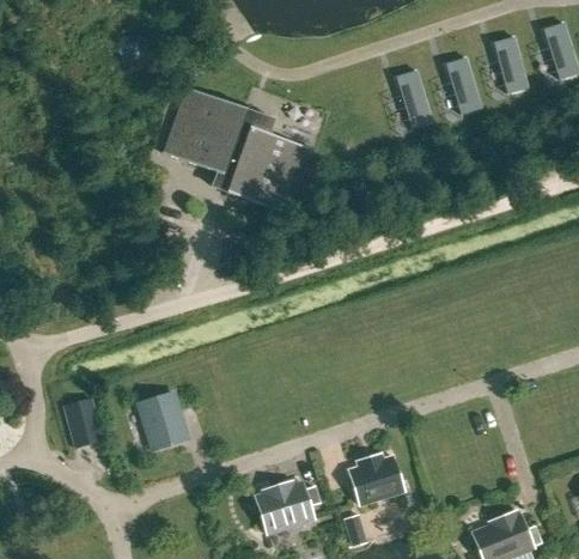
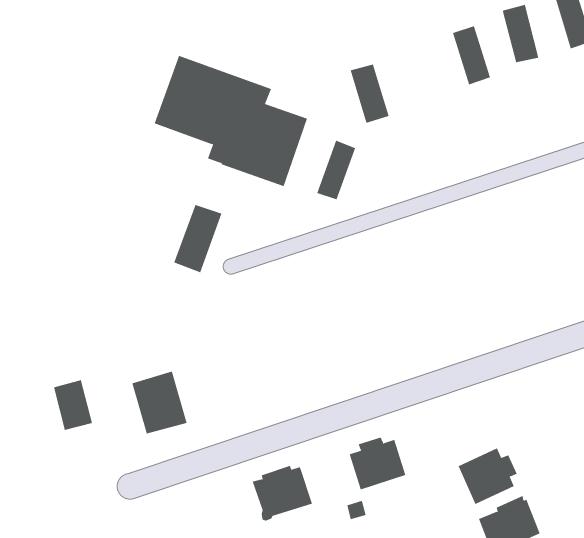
building: [396,71,434,128] -> [350,64,390,124]
building: none -> [316,140,356,200]
building: none -> [174,204,222,273]
building: none -> [458,448,518,505]

